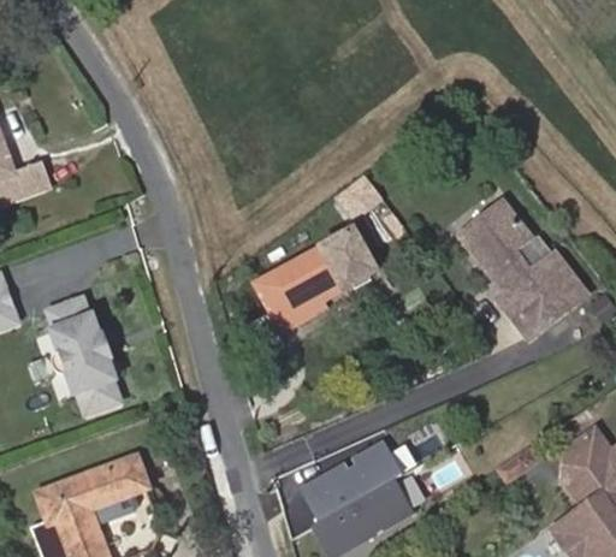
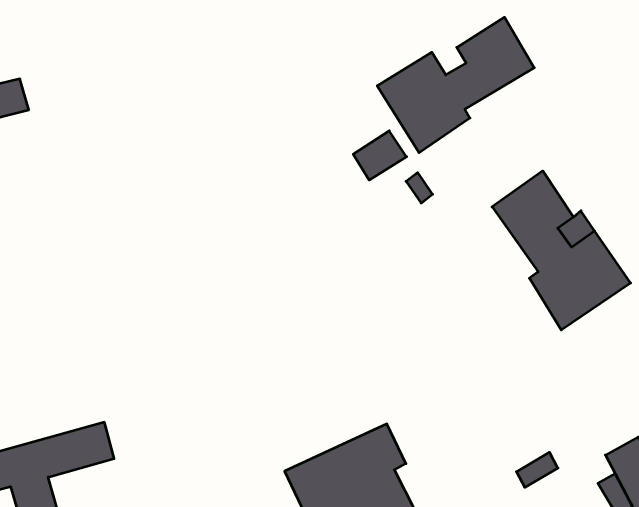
building: none -> [377,17,534,153]
building: [257,230,379,332] -> none
building: [47,298,119,415] -> none

